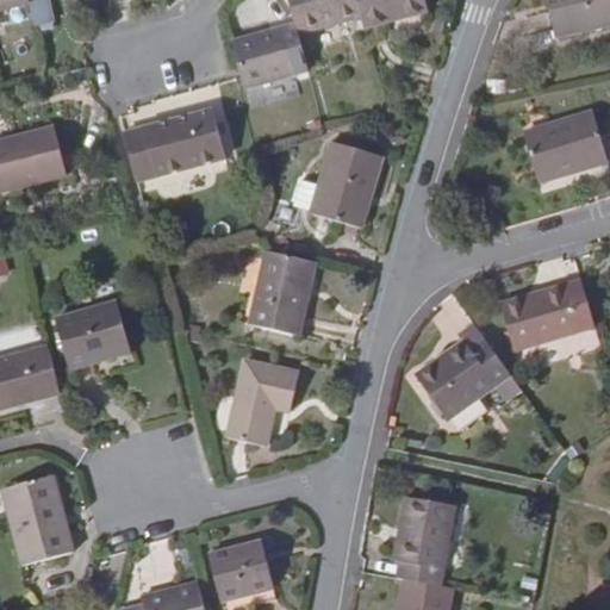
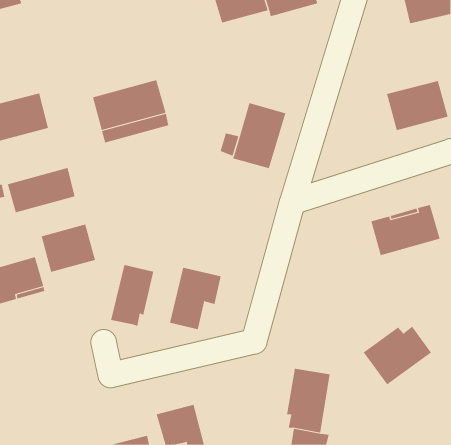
building: [234,29,309,86] -> none
building: none -> [7,167,75,213]
building: [251,249,316,332] -> none
building: [415,336,508,416] -> [363,326,432,385]
building: none -> [111,264,154,327]
building: [7,479,75,571] -> none

